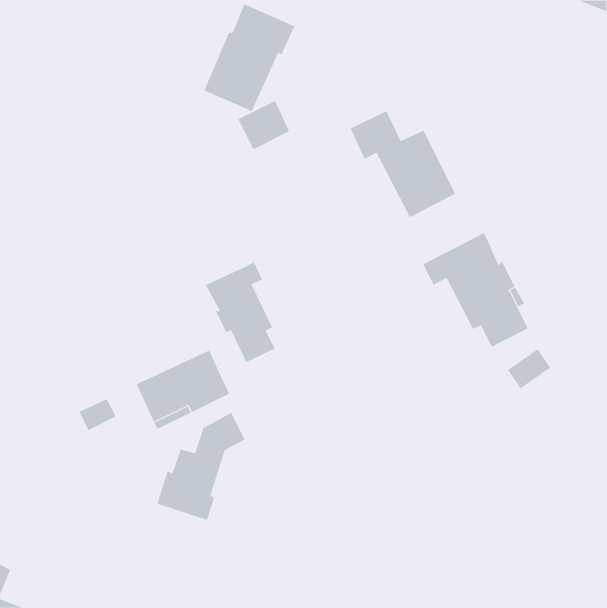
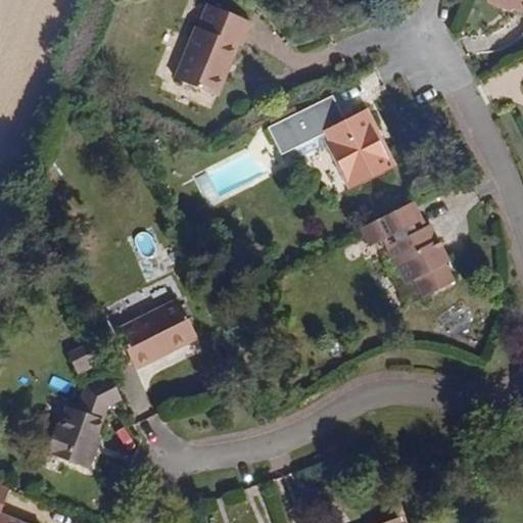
building: [238,100,290,150] -> [268,110,313,153]
building: [205,262,275,363] -> none
building: [156,412,246,521] -> [44,375,121,468]

